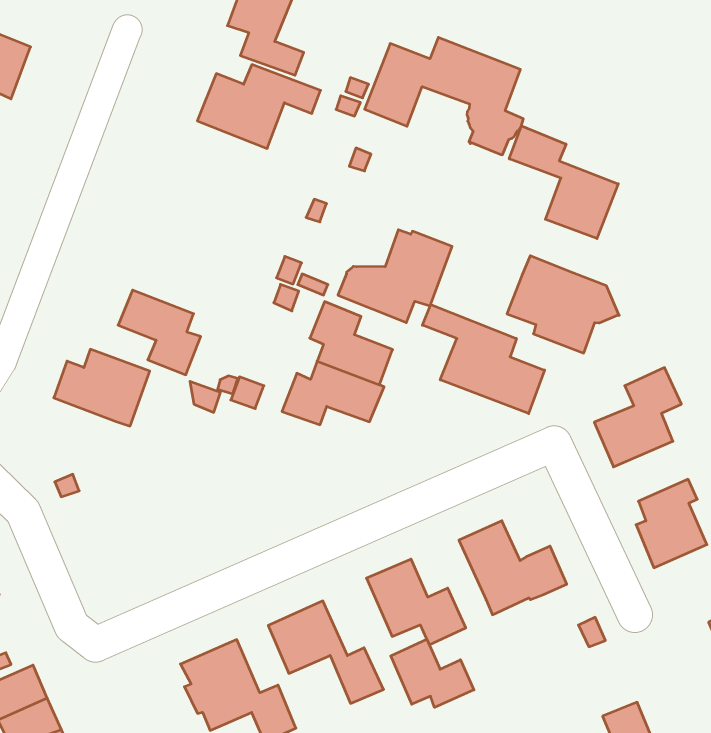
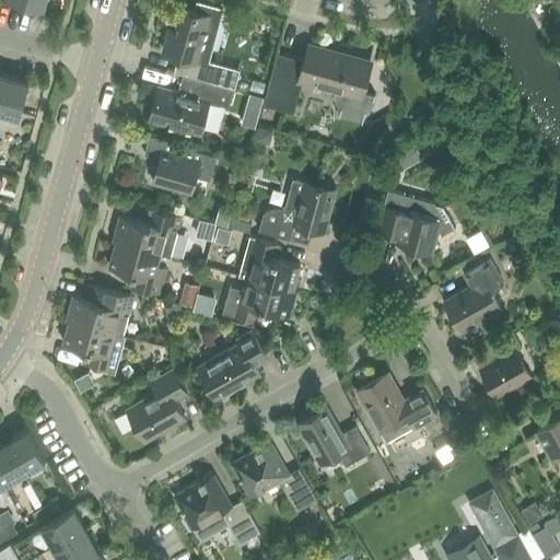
building: [509,126,618,239] -> none
building: none -> [144,138,217,196]
building: none -> [116,212,180,256]
building: [422,305,545,414] -> none
building: none -> [62,324,119,374]
building: none -> [197,332,266,402]
building: none -> [126,371,187,443]
building: [391,639,474,707] -> none

